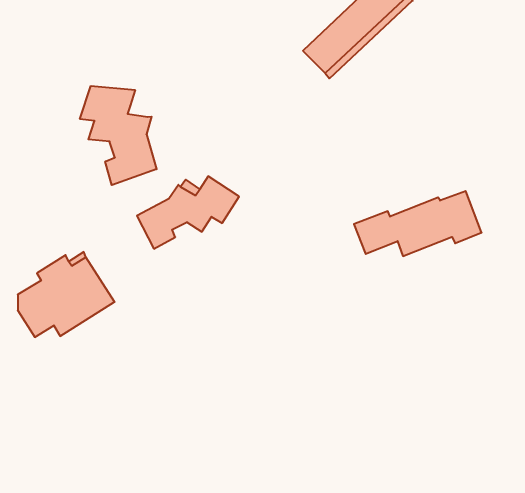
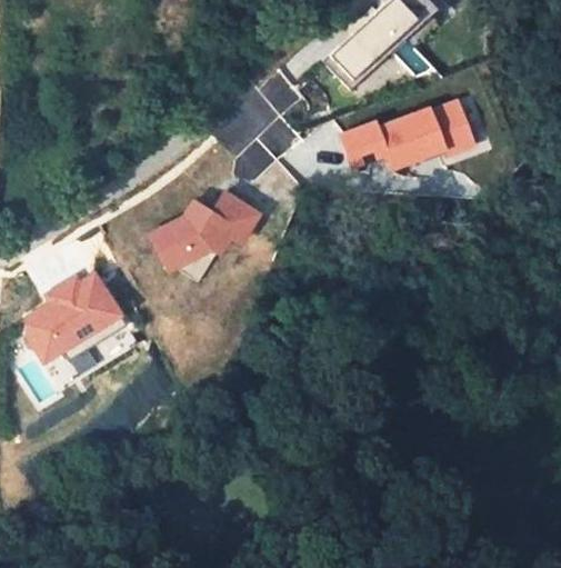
building: [80,86,157,185] -> none
building: [354,191,482,256] -> [340,102,473,170]

